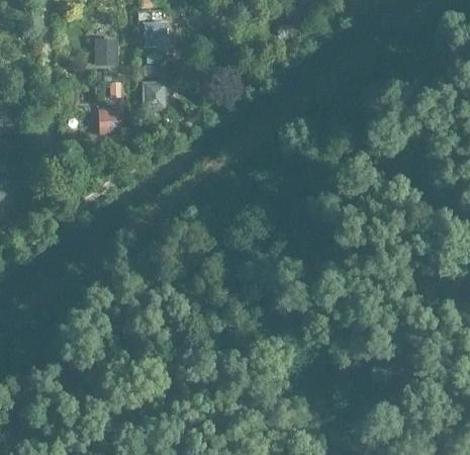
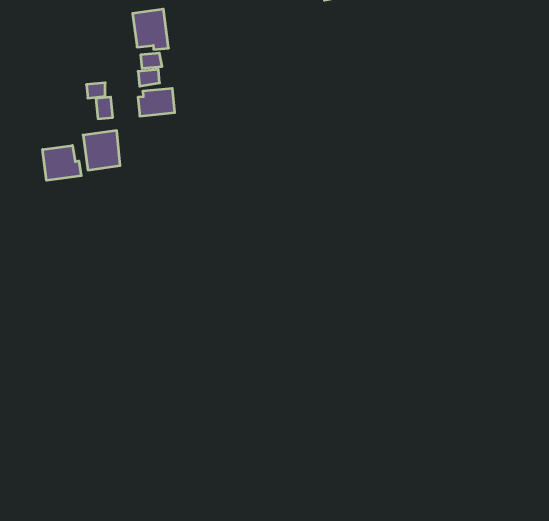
building: [94,38,117,66] -> none
building: none -> [43,145,81,180]

